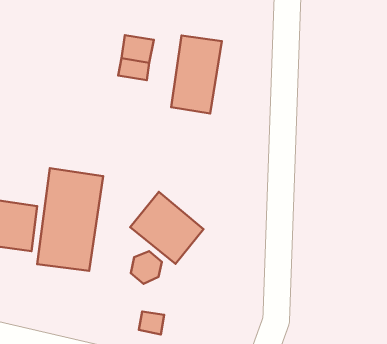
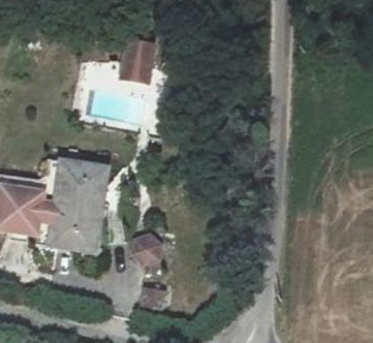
building: [171,35,222,113] -> none
building: [130,192,204,264] -> none

